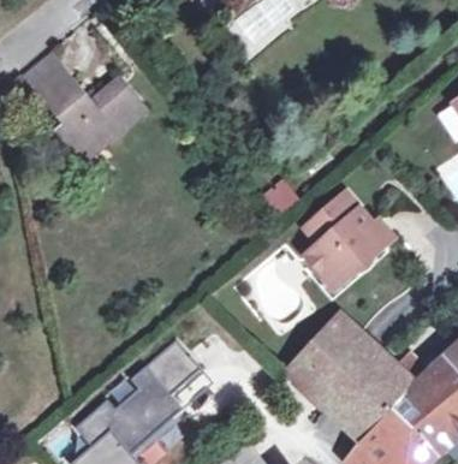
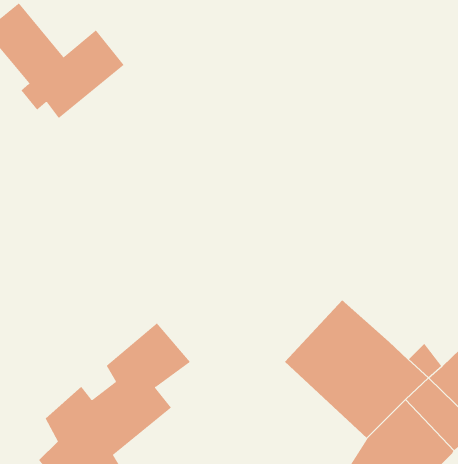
building: [305,194,393,281] -> none

